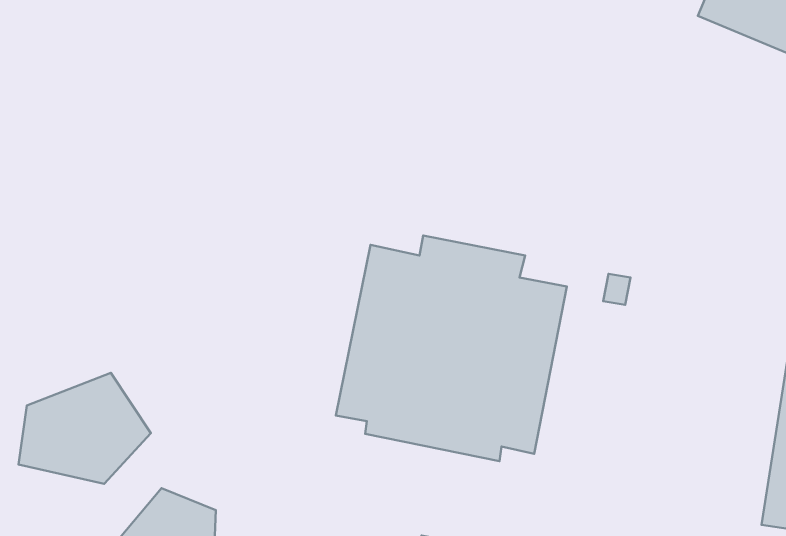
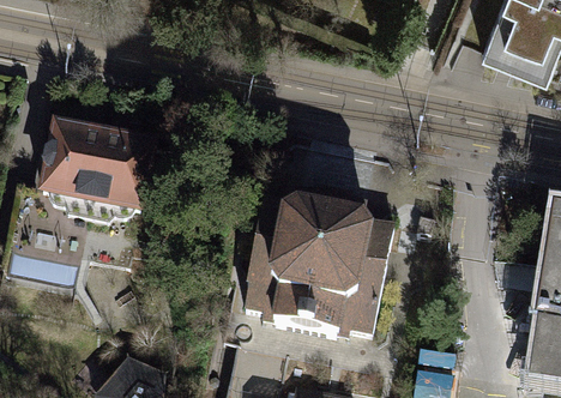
building: none -> [42,122,155,219]
building: [18,373,151,484] -> none

